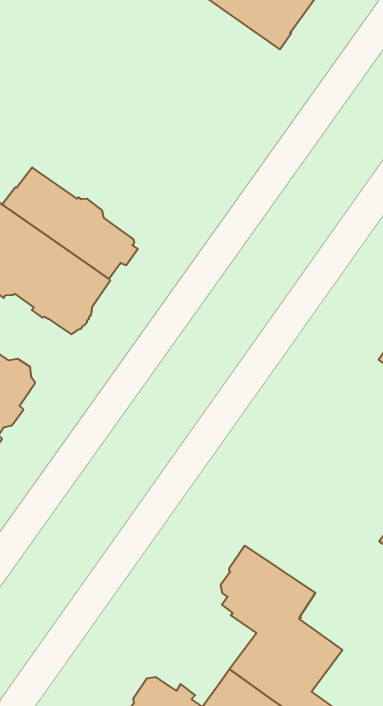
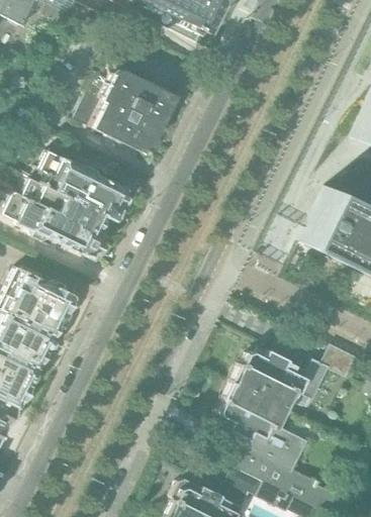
building: none -> [83,62,177,153]
building: none -> [236,348,311,412]

